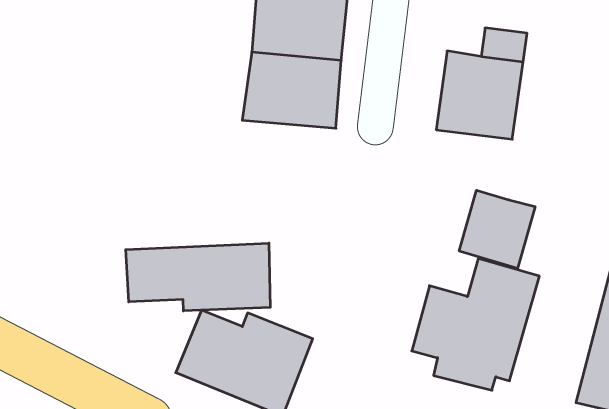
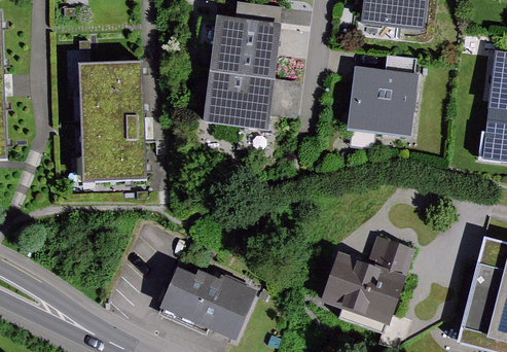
building: none -> [81,67,142,181]
building: [459,190,535,269] -> none
building: [126,243,270,311] -> none

